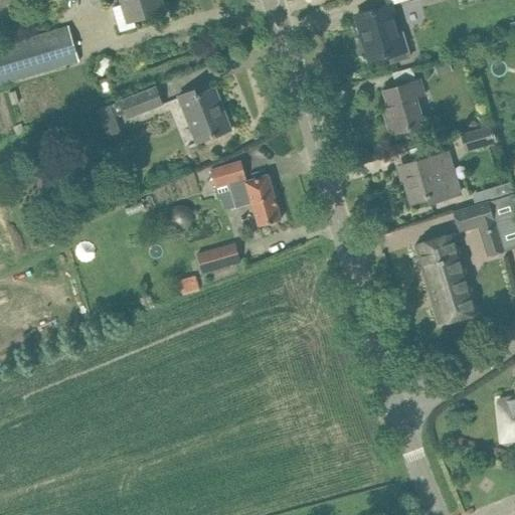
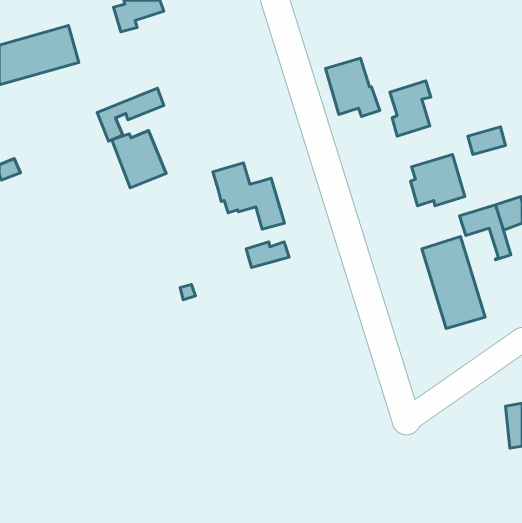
building: [355,5,408,62] -> [326,58,380,117]
building: [177,87,230,143] -> [112,131,166,188]
building: [197,246,239,272] -> [246,242,289,267]

